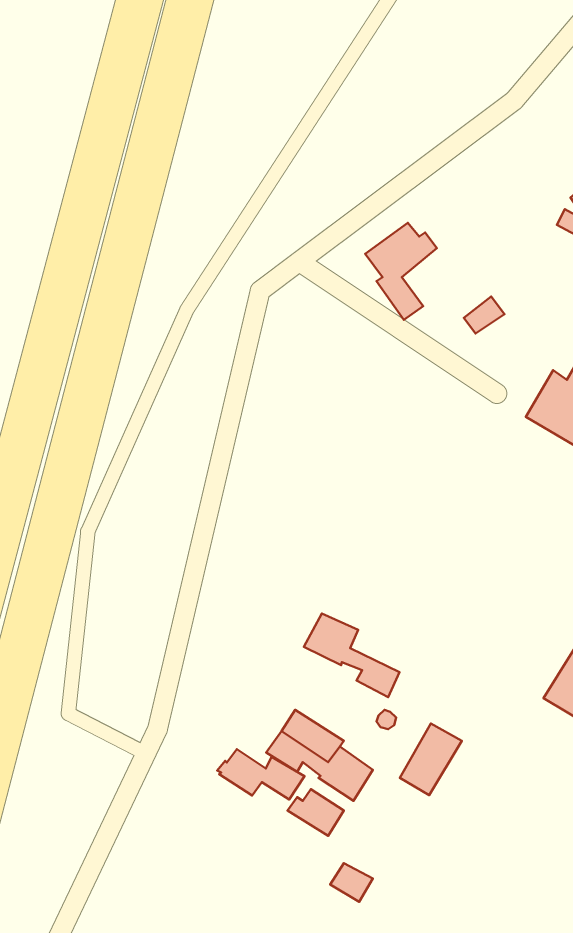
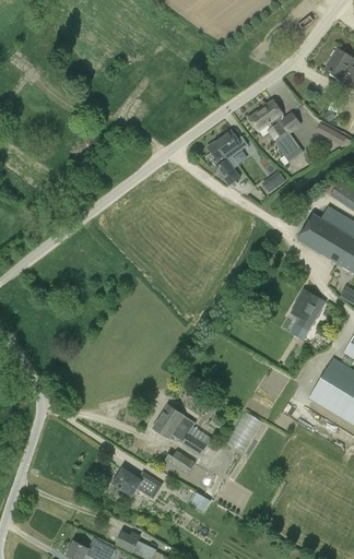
building: none -> [248,100,303,162]
building: none -> [291,288,319,326]
building: [304,613,400,697] -> none
building: [217,749,305,800] -> [111,468,161,497]

